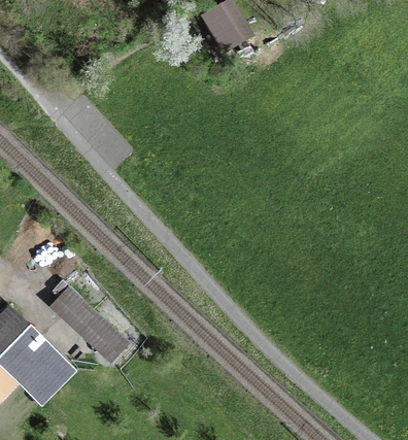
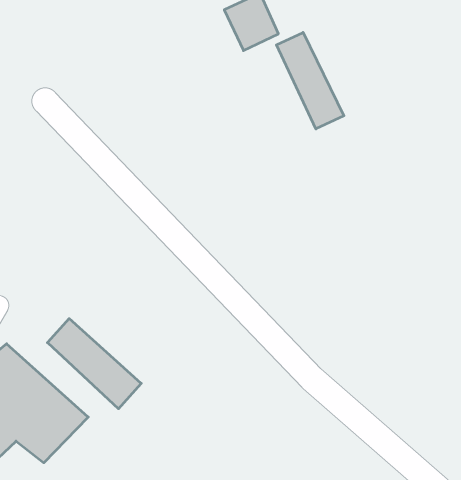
building: none -> [276,32,344,129]

